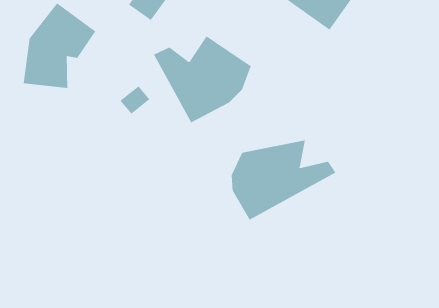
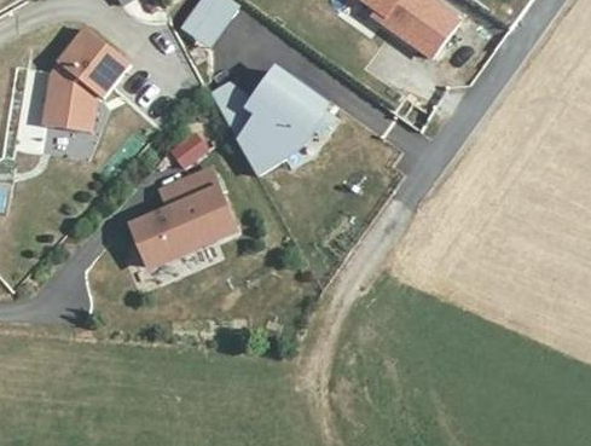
building: none -> [126,162,239,271]
building: [231,139,336,220] -> none

